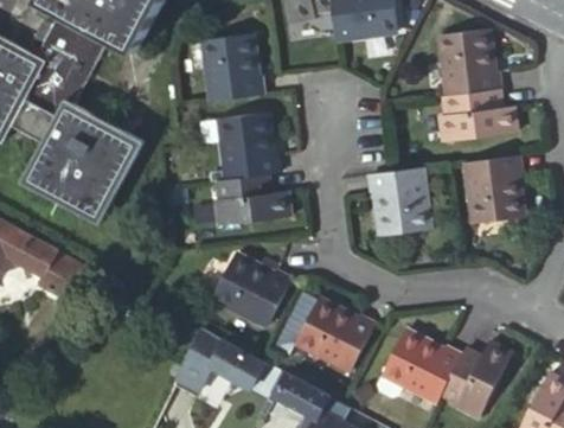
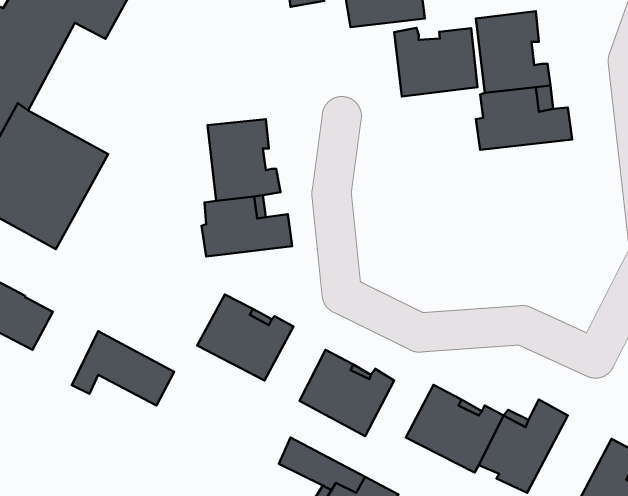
building: [204,33,264,100] -> none
building: none -> [394,28,477,96]
building: [464,154,519,222] -> none
building: [367,165,428,234] -> none
building: [181,327,264,388] -> [72,331,174,406]

